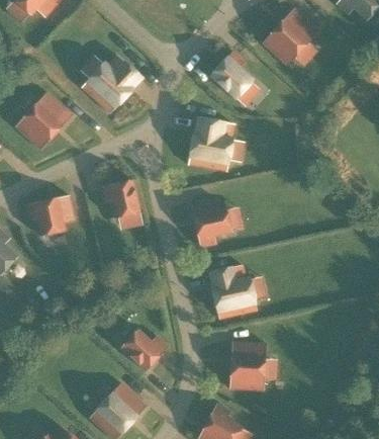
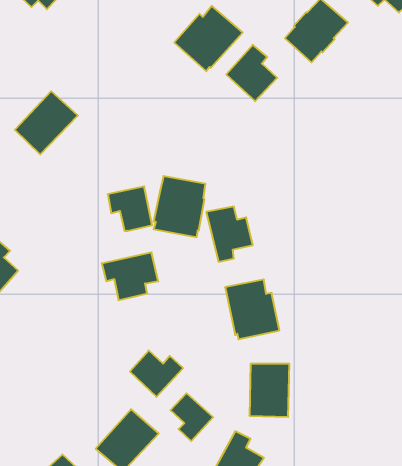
building: [81,54,144,113] -> [174,6,243,71]
building: [187,116,234,172] -> [154,176,206,237]
building: [24,194,76,238] -> [102,252,158,300]
building: none -> [170,393,213,441]

